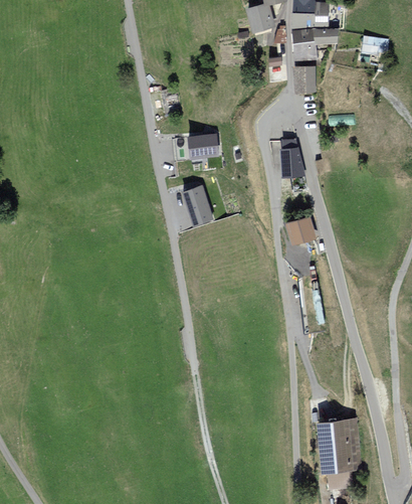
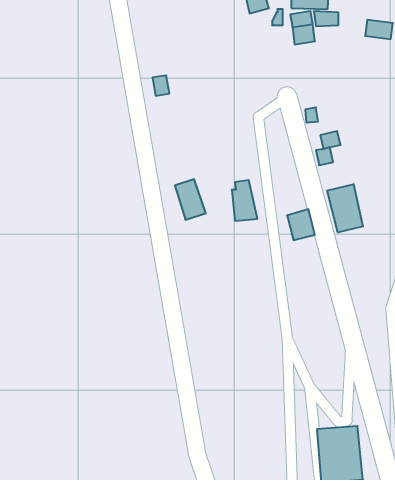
building: [293,66,314,93] -> none
building: [188,134,217,158] -> none
building: [278,139,302,177] -> [232,180,257,221]
building: none -> [327,184,363,232]

